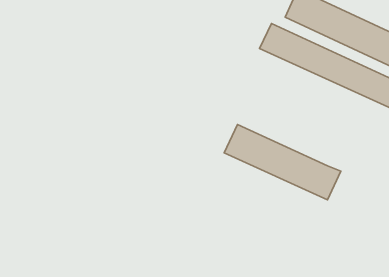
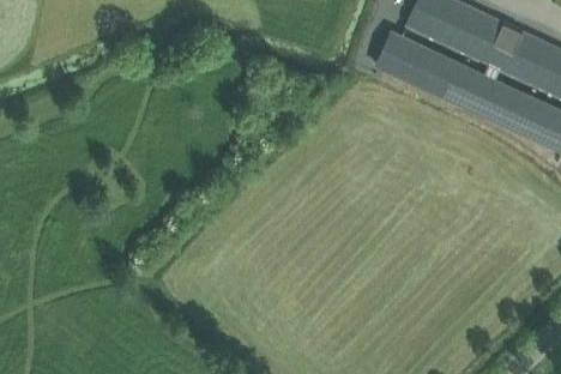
building: [224,124,341,200] -> none

